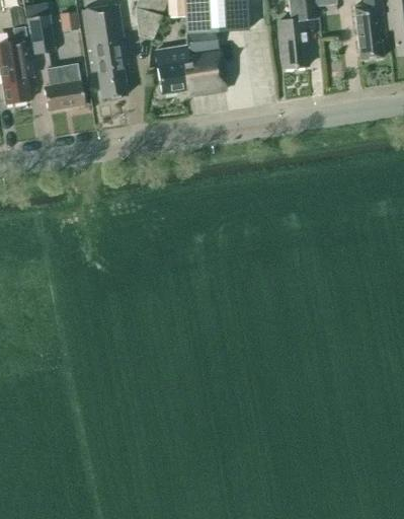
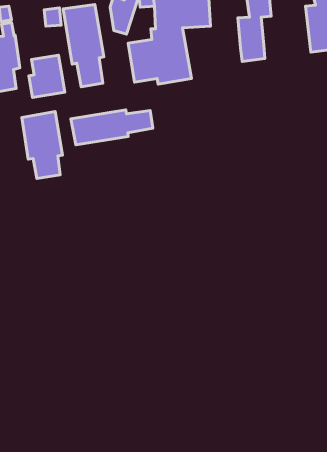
building: [26,14,56,54] -> none
building: none -> [71,110,153,145]
building: none -> [22,111,63,179]

